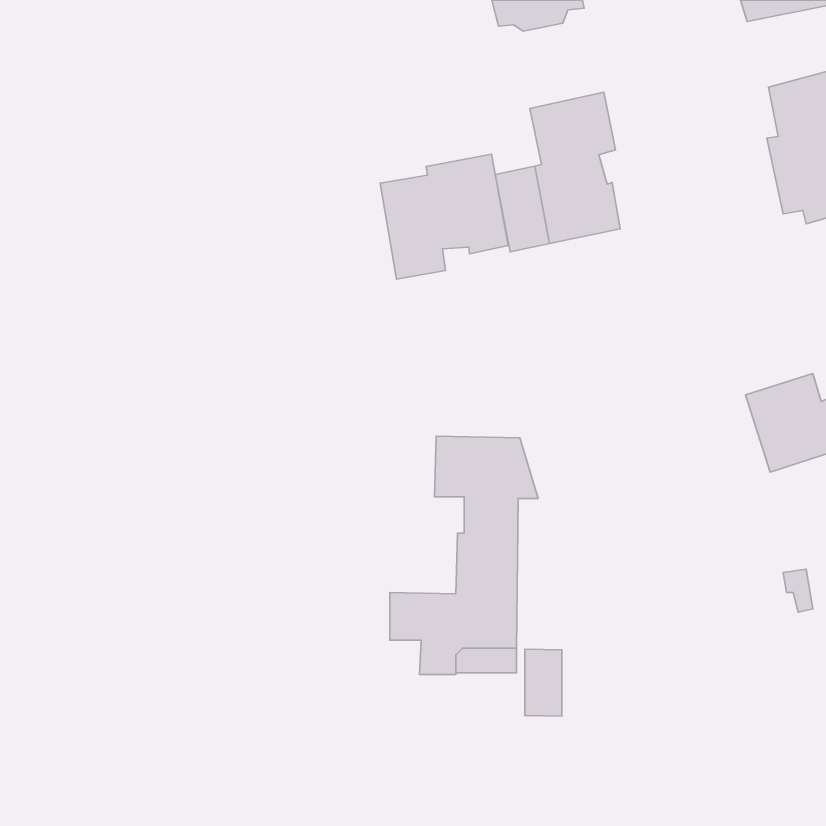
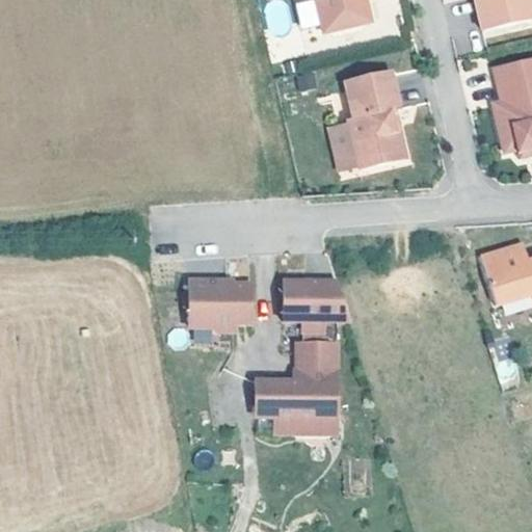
building: [380,154,508,279] -> none
building: none -> [189,278,251,328]
building: [525,649,562,716] -> none

